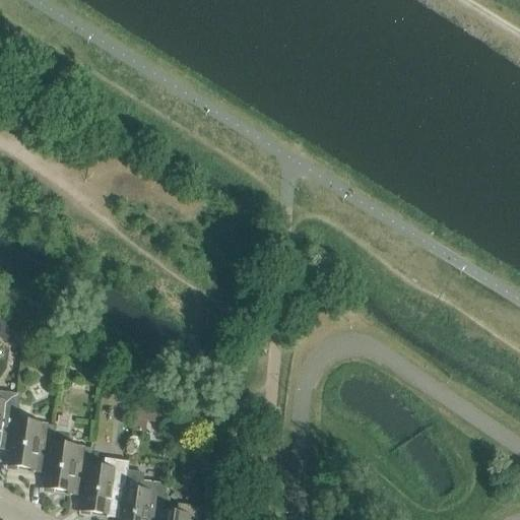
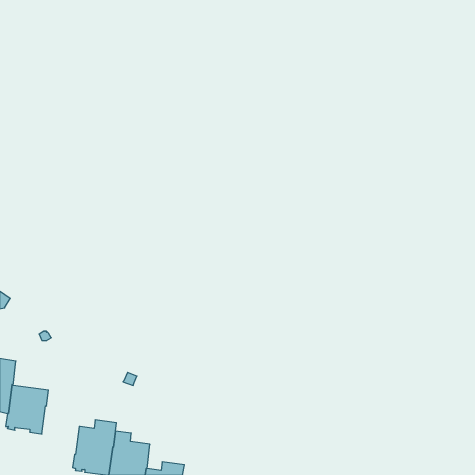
building: [43,442,89,495] -> none

